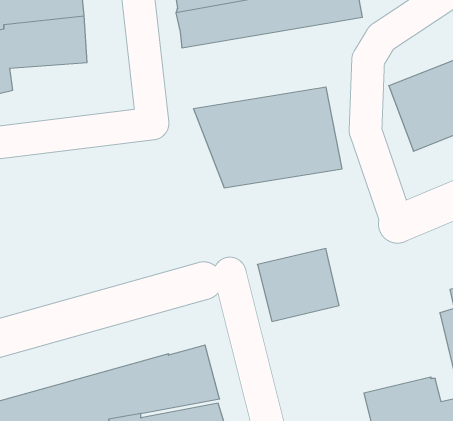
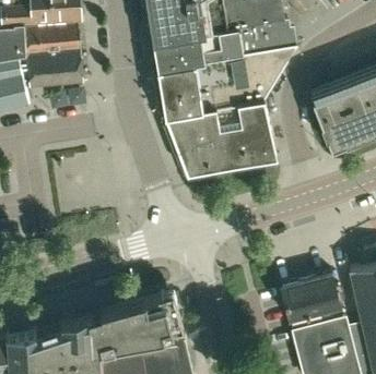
building: none -> [155,48,294,118]
building: [257,249,339,321] -> [281,276,342,330]

